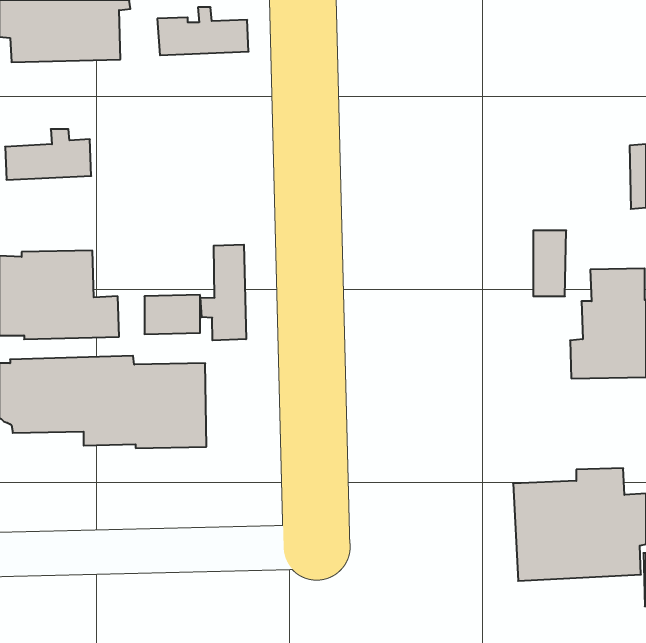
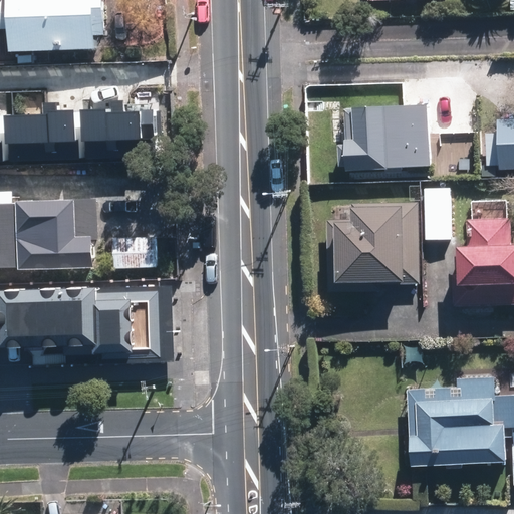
building: [157,7,249,55] -> [79,104,152,143]
building: none -> [347,104,431,170]
building: [201,245,246,340] -> none
building: none -> [326,201,419,289]

